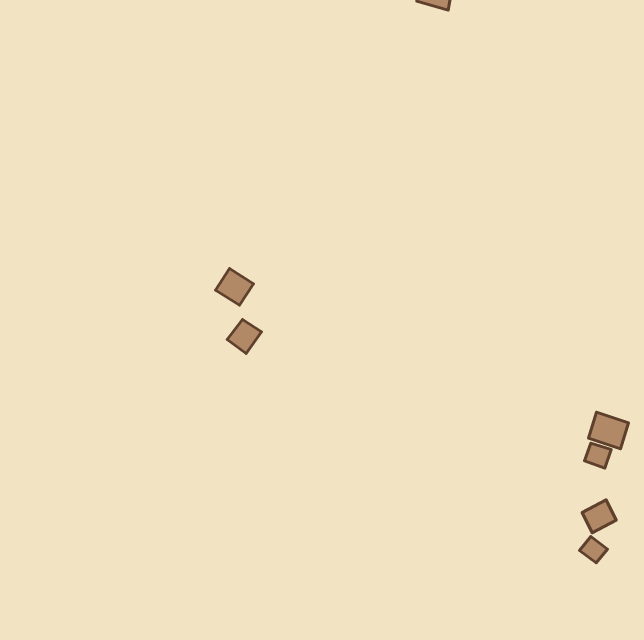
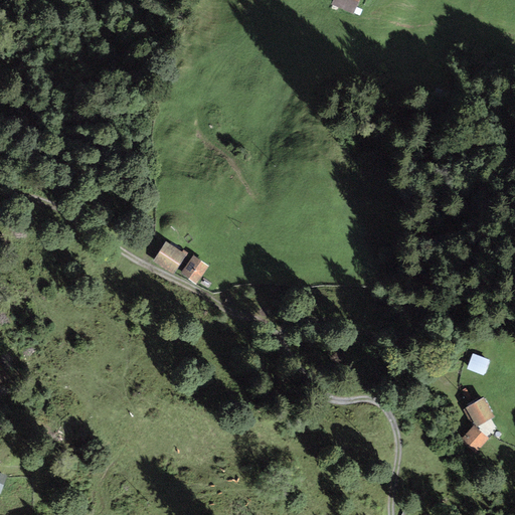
building: [216,269,254,305] -> [155,240,185,270]
building: [589,412,629,449] -> none

